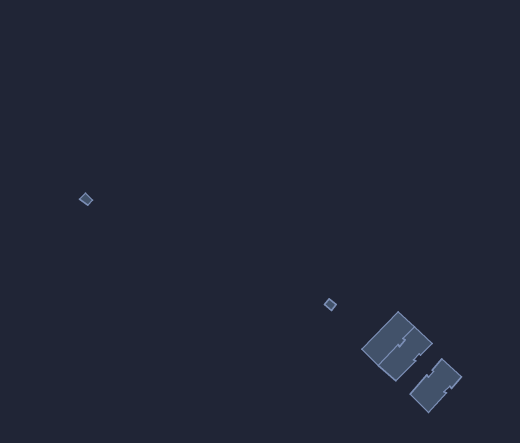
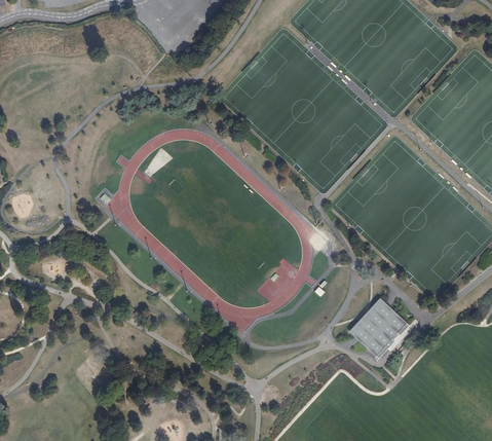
building: [410,359,461,412] -> none

